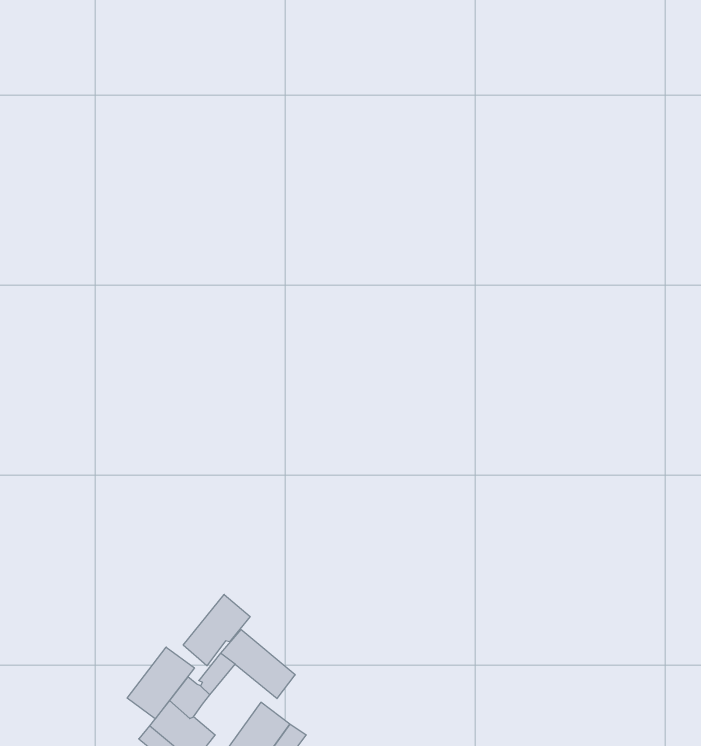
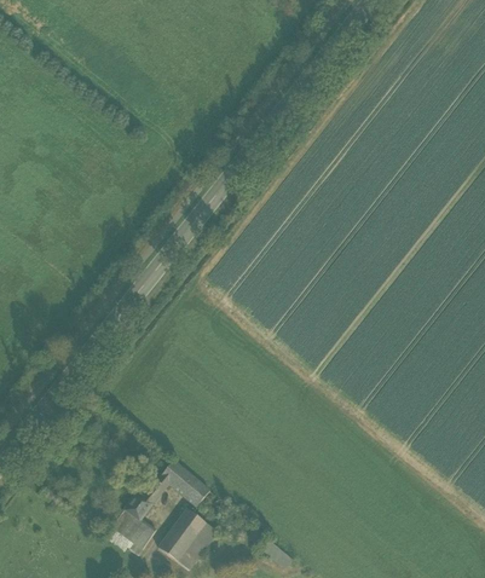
building: [183,594,250,666] -> none
building: [127,647,194,719] -> none

